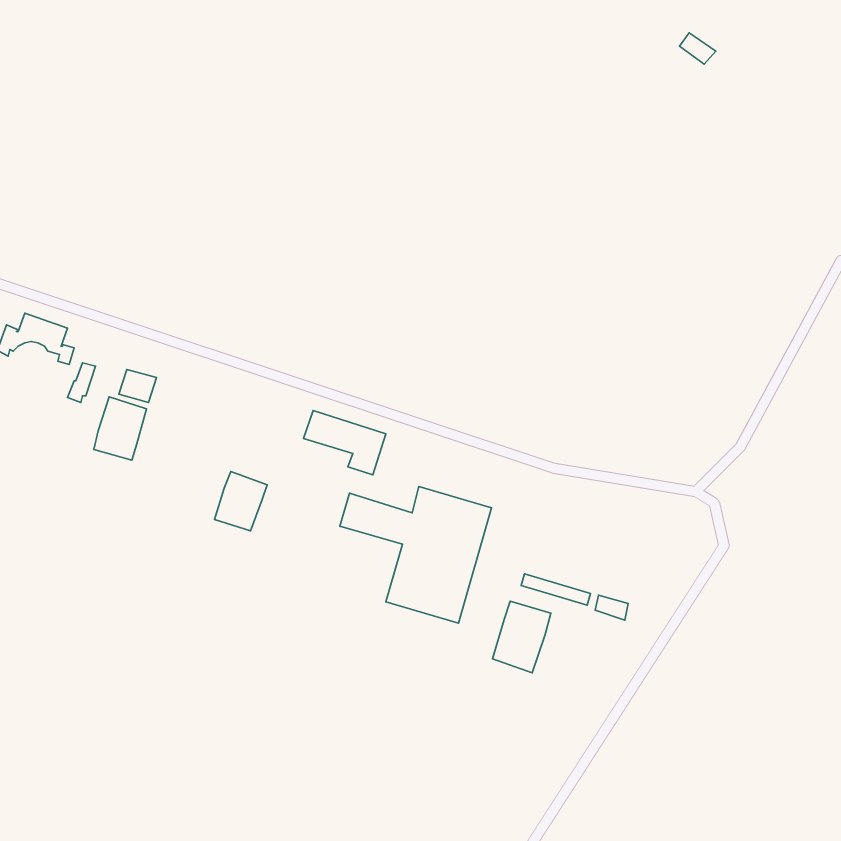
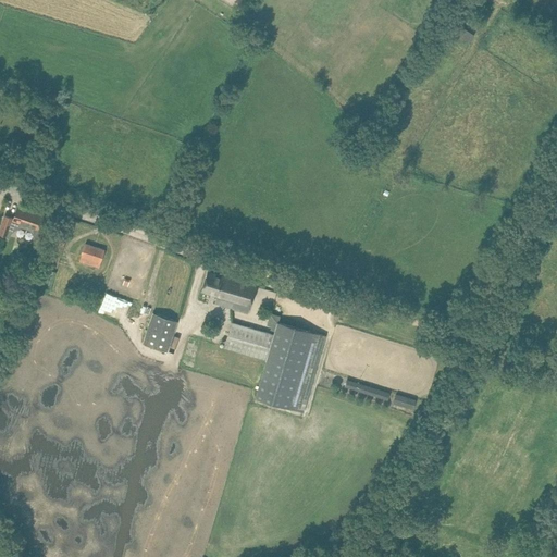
building: [94,397,146,460] -> none
building: [493,601,551,673] -> none

